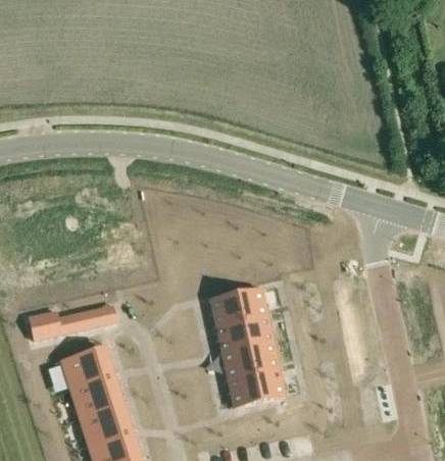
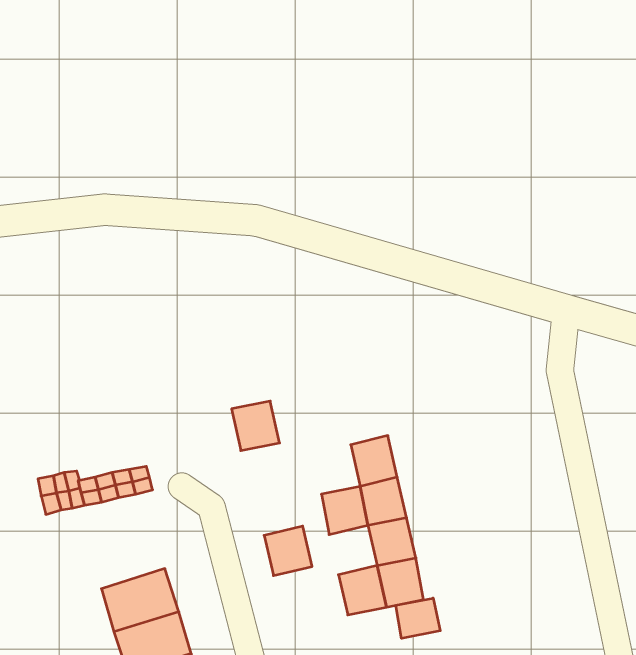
building: [211,294,243,326] -> [232,401,280,451]
building: [63,347,114,389] -> none
building: [222,347,254,379] -> [264,526,312,576]
building: none -> [396,598,440,638]

